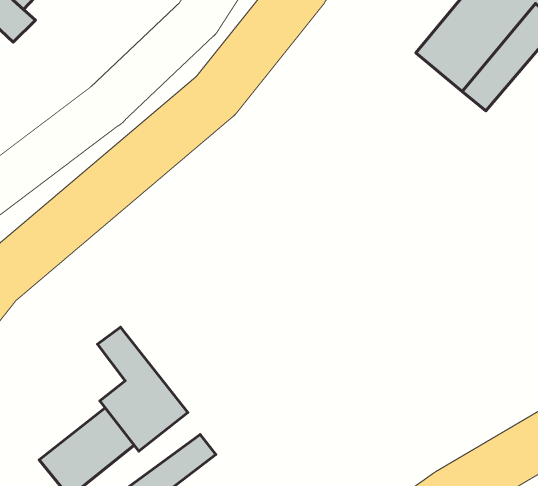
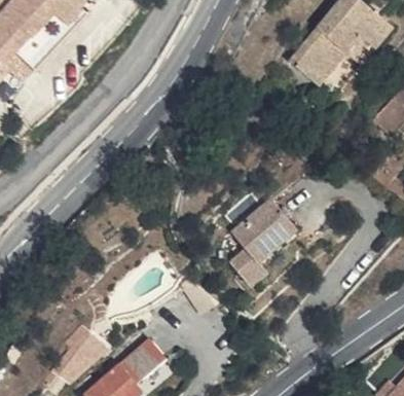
building: none -> [234,190,301,280]
building: [98,327,188,451] -> none

